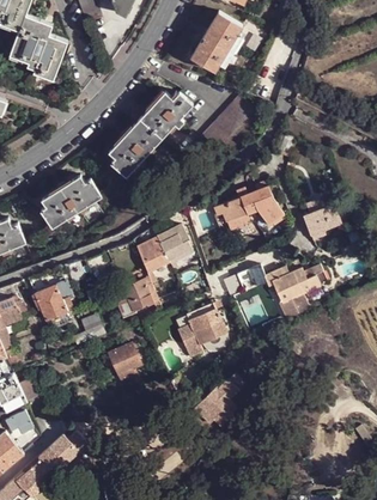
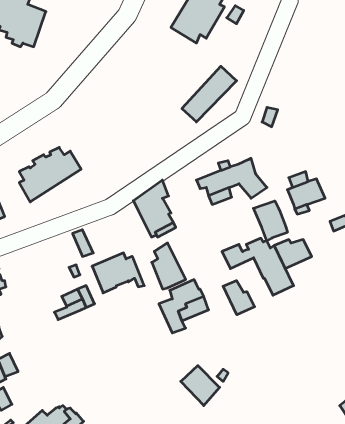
building: [107,92,191,178] -> none
building: [136,228,170,274] -> [152,243,186,289]
building: none -> [253,201,287,241]
building: [35,282,73,329] -> none
building: none -> [223,281,255,315]
building: [109,344,141,385] -> none

